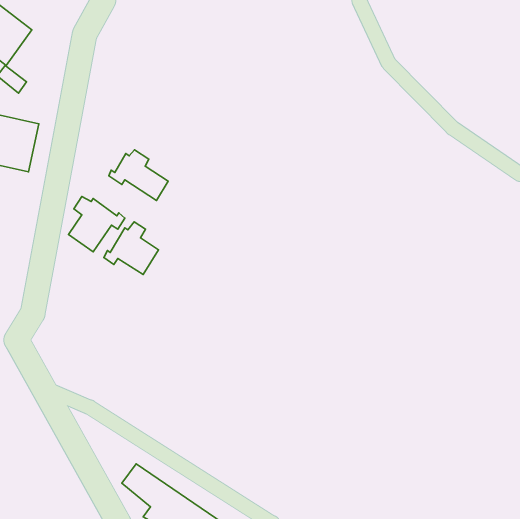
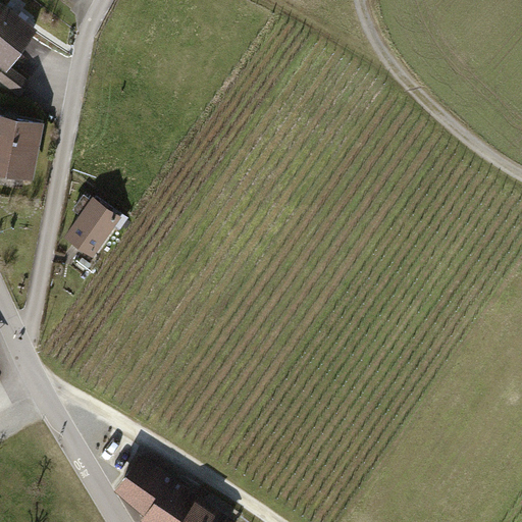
building: [109,150,168,201] -> none
building: [104,222,159,275] -> none

